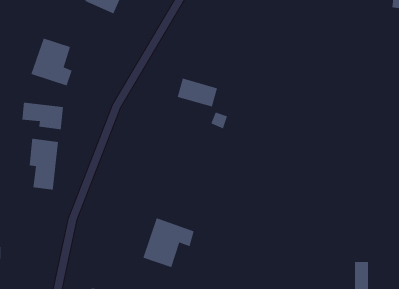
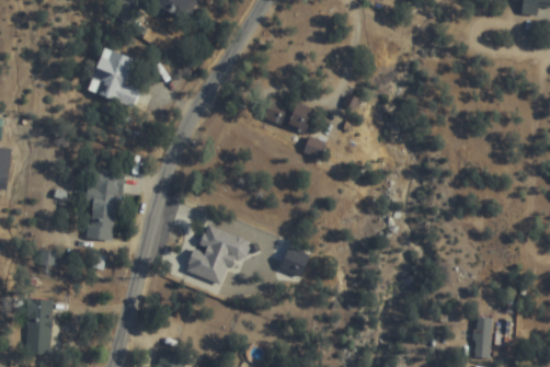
building: [22,102,64,130] -> none
building: [143,218,195,268] -> [187,223,250,284]

